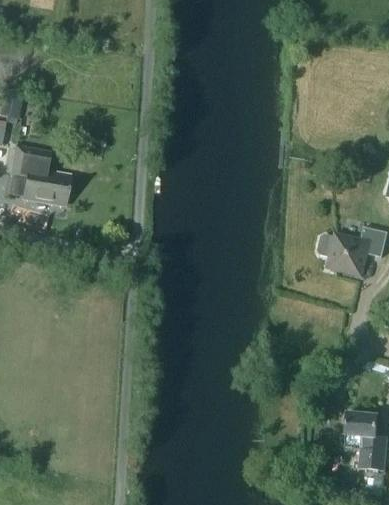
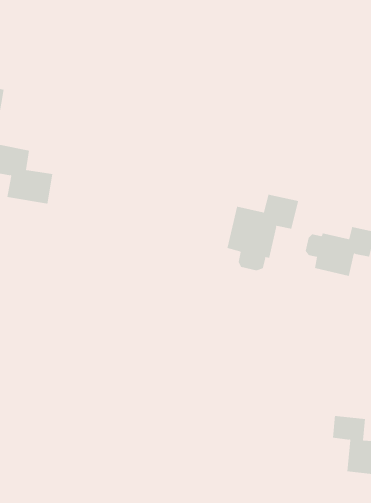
building: none -> [227,194,299,271]

